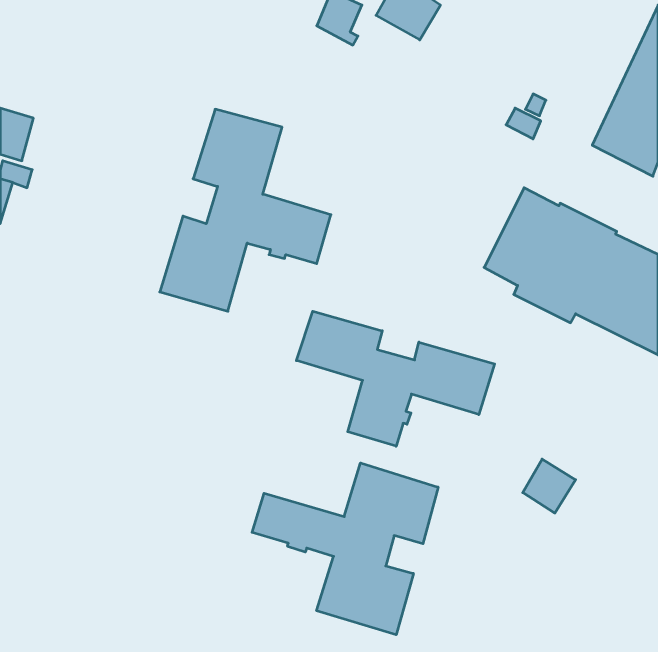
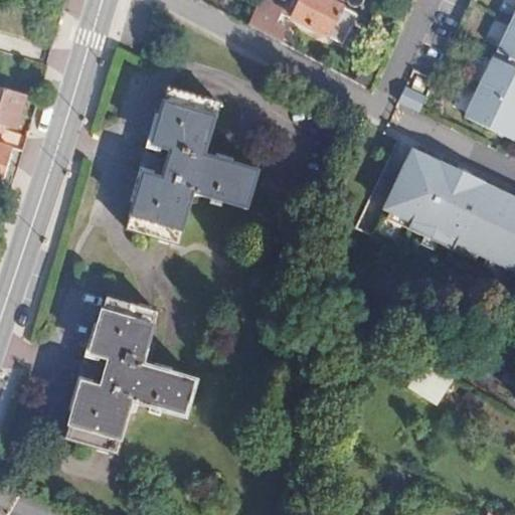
building: [296,311,495,446] -> none
building: none -> [63,294,198,449]
building: [252,463,438,635] -> none

